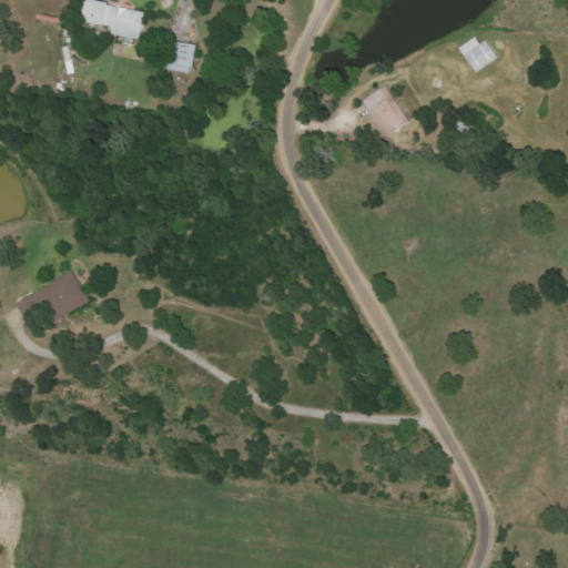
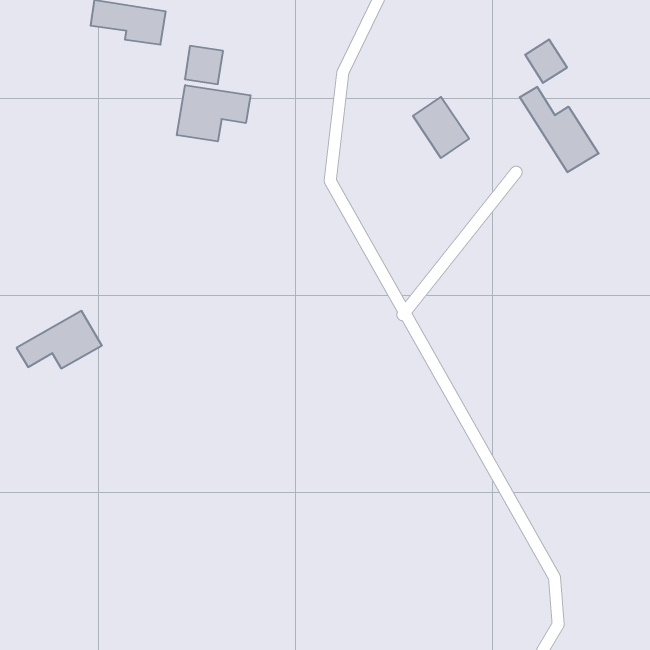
building: none -> [177,85,251,141]
building: none -> [520,87,599,172]

